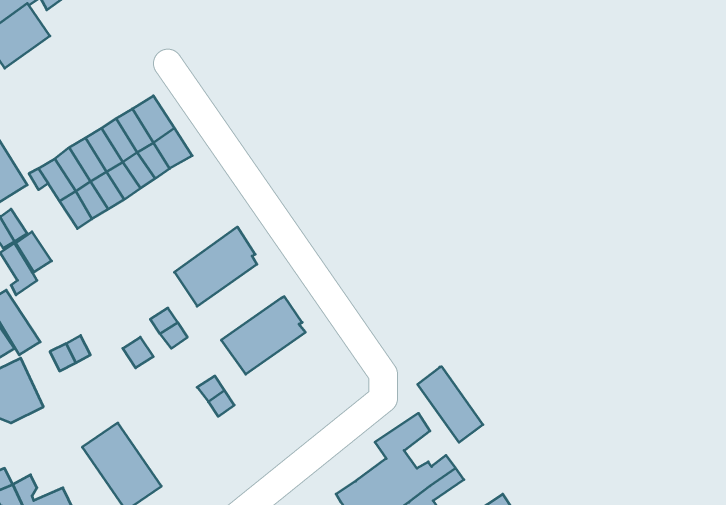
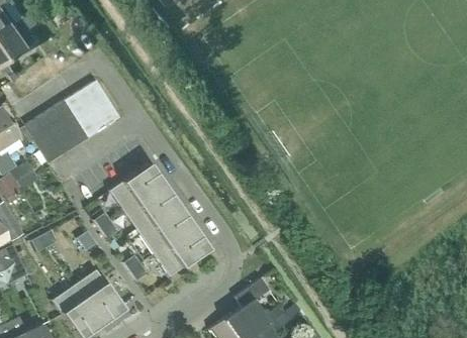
building: none -> [124,184,177,232]
building: none -> [155,226,207,275]
building: [418,367,483,442] -> none
building: none -> [75,268,122,323]

